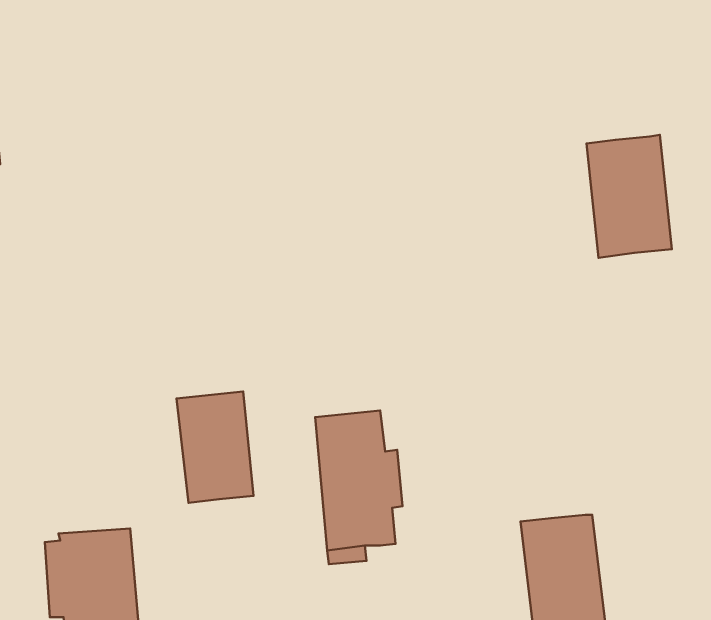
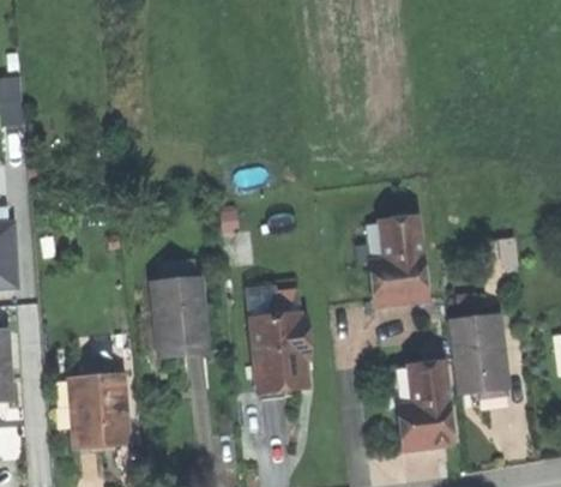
building: [586,135,672,258] -> [367,217,427,303]
building: none -> [450,318,508,395]

